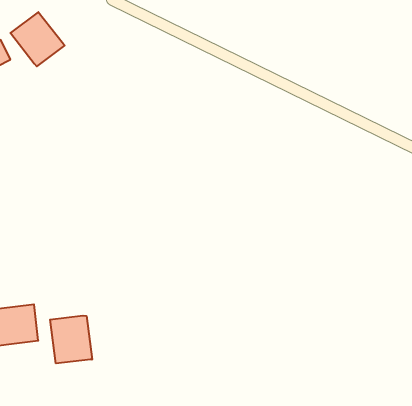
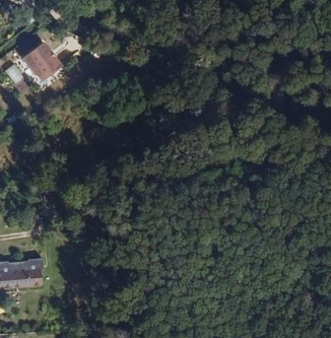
building: [50,316,92,363] -> none

